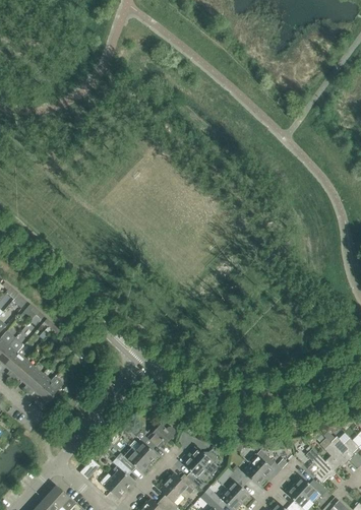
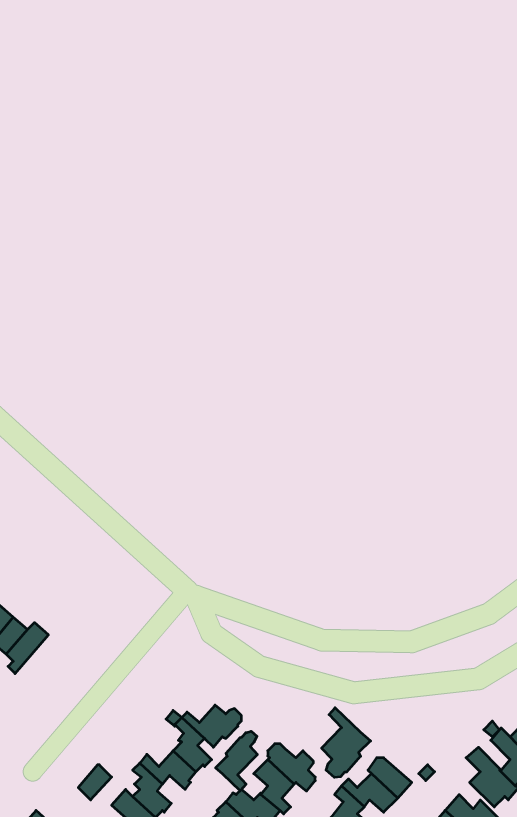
building: none -> [322,708,371,777]
building: none -> [216,731,257,791]

